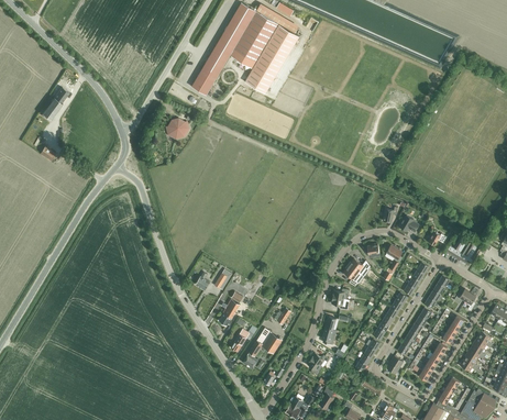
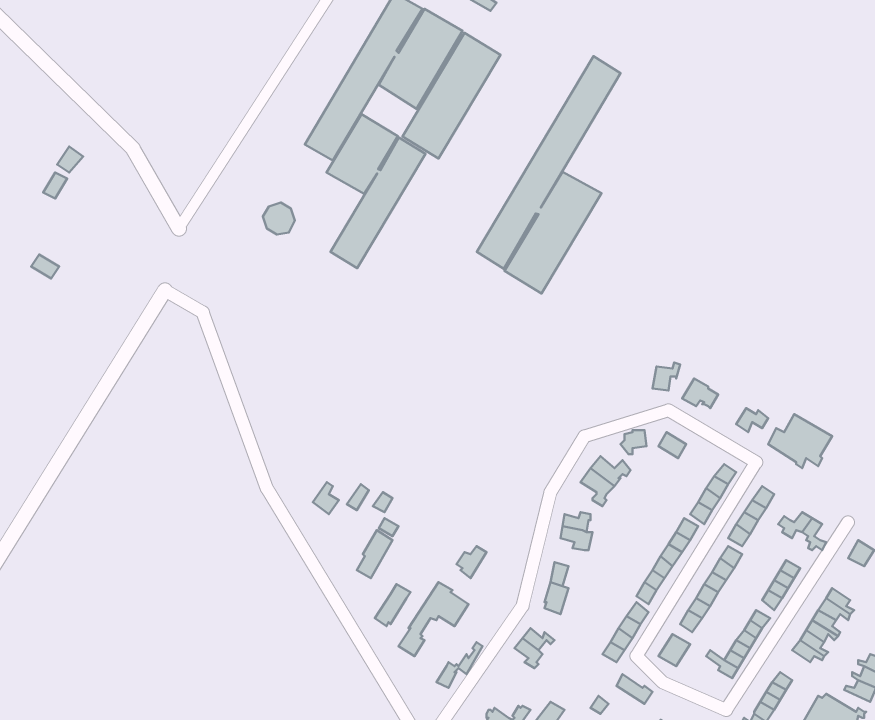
building: none -> [477,56,621,293]
building: none -> [326,114,425,268]

